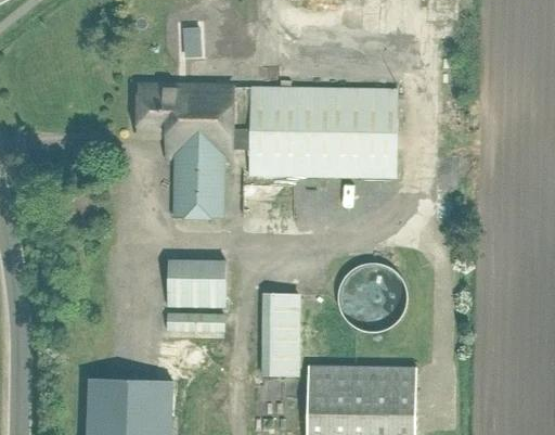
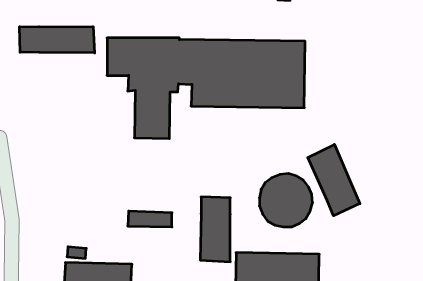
building: none -> [20,27,95,53]
building: none -> [308,144,360,216]
building: [168,259,225,306] -> none

